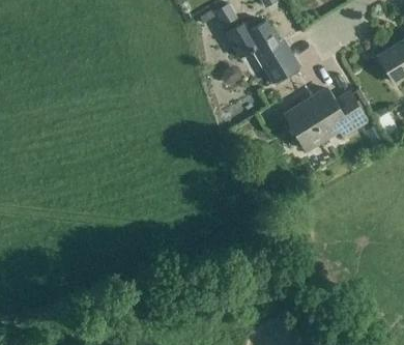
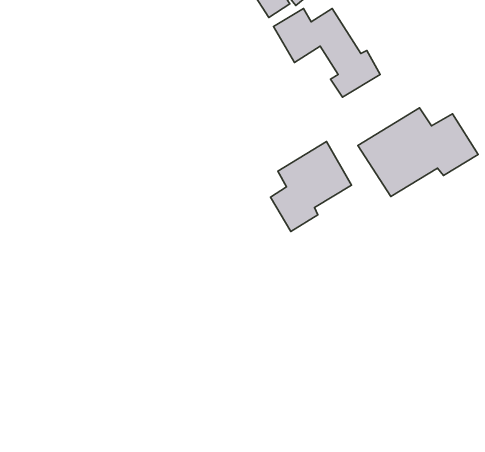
building: none -> [271,142,352,231]

